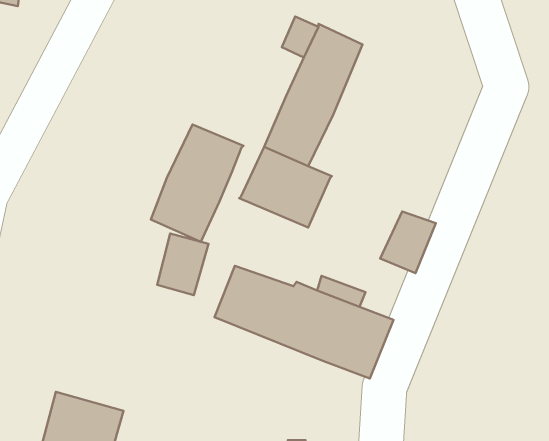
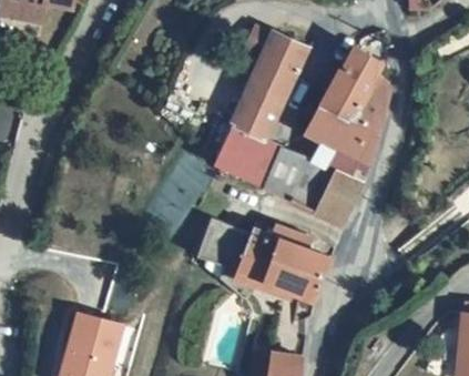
building: none -> [309,53,390,163]
building: [151,125,244,242] -> none
building: none -> [265,149,336,210]

